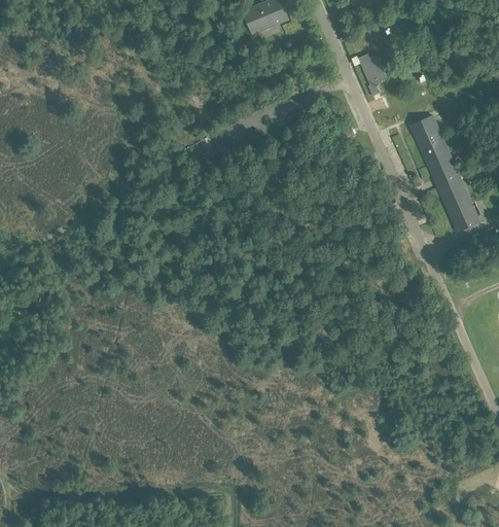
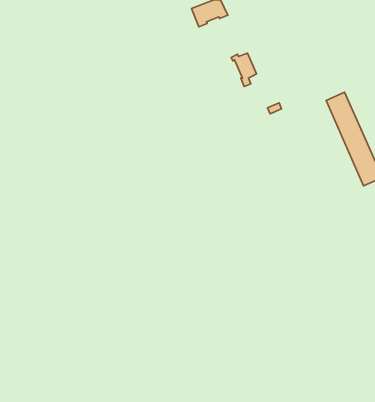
building: [356,55,388,96] -> [231,53,257,86]

